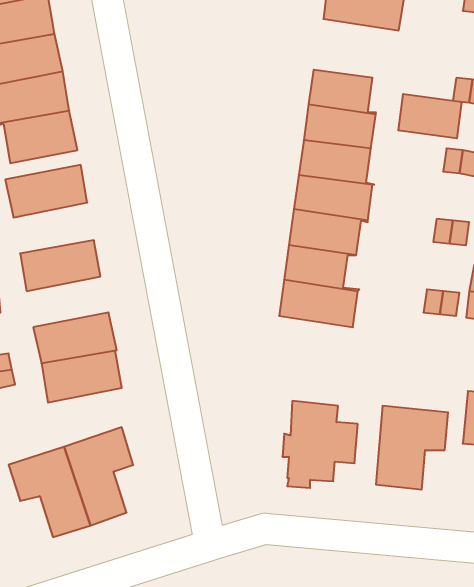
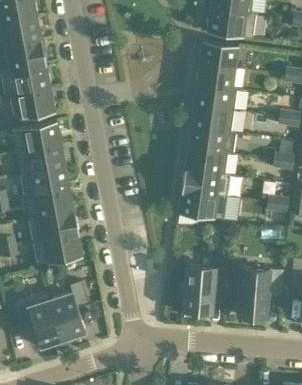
building: [398,94,462,138] -> [200,40,239,67]
building: none -> [17,143,66,174]
building: none -> [29,188,75,219]

